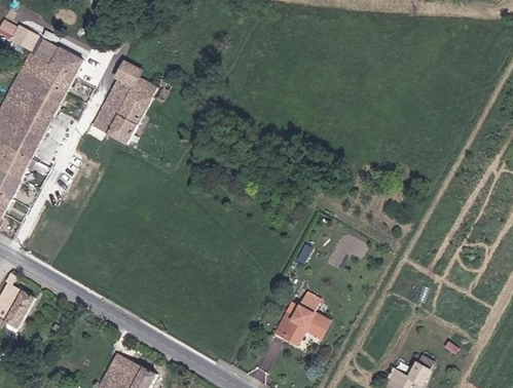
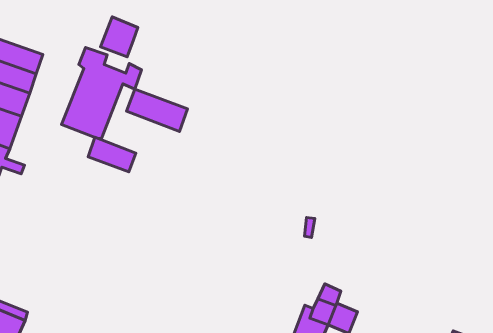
building: none -> [101,17,138,57]
building: none -> [127,89,187,132]
building: none -> [88,137,136,172]

